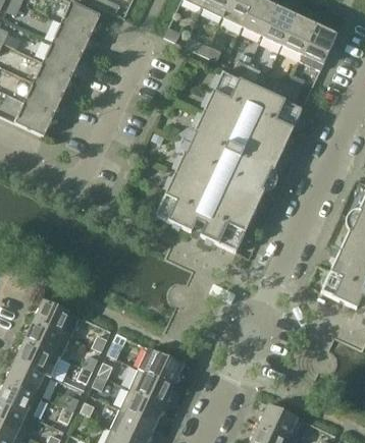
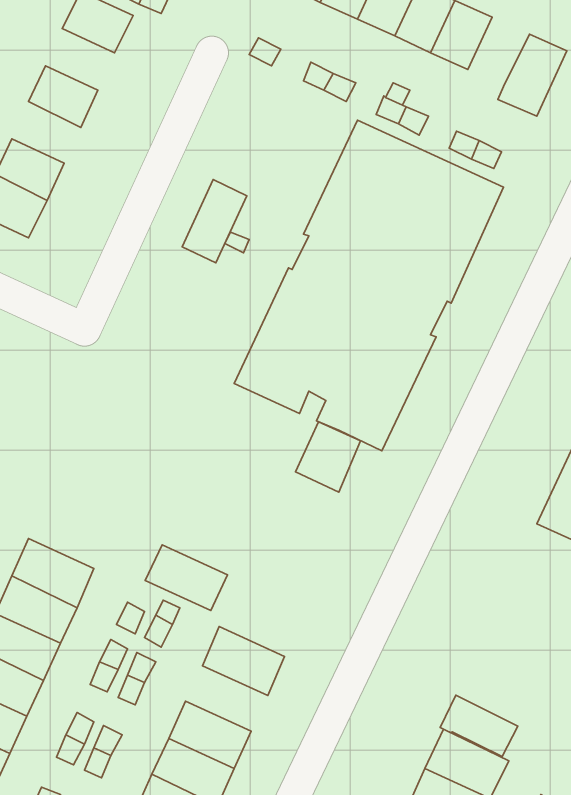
building: [283,15,317,53] -> none
building: [53,21,91,55] -> none
building: [35,61,72,95] -> none
building: none -> [182,180,247,263]
building: none -> [295,422,360,492]
building: [129,369,174,404] -> [145,545,228,610]
building: none -> [440,695,518,756]

